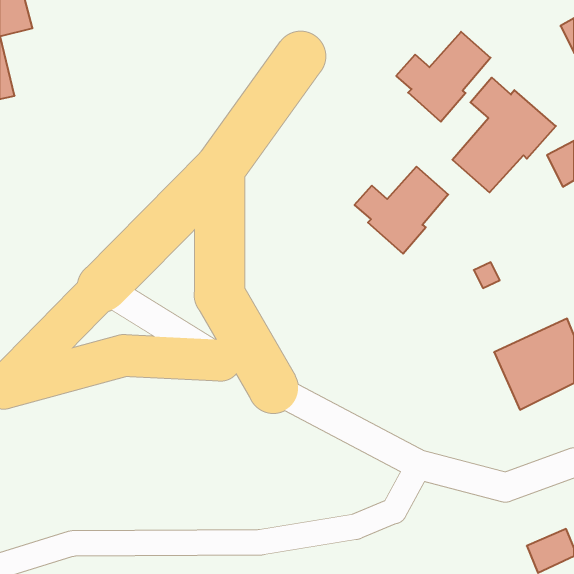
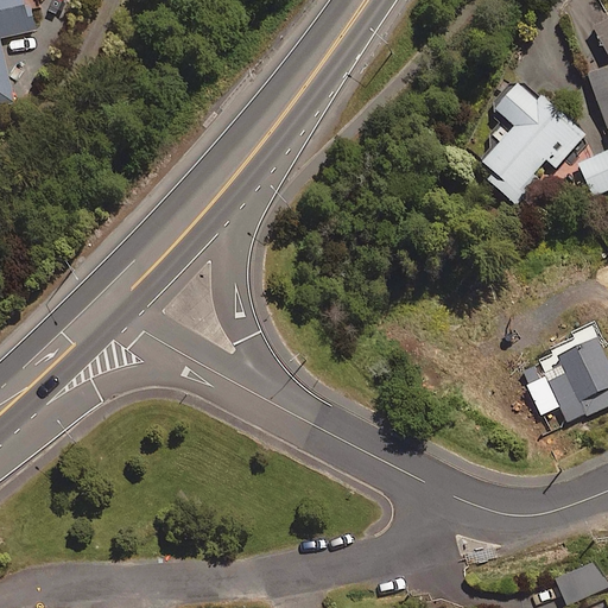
building: [396,32,491,122] -> none
building: [355,167,448,254] -> none

